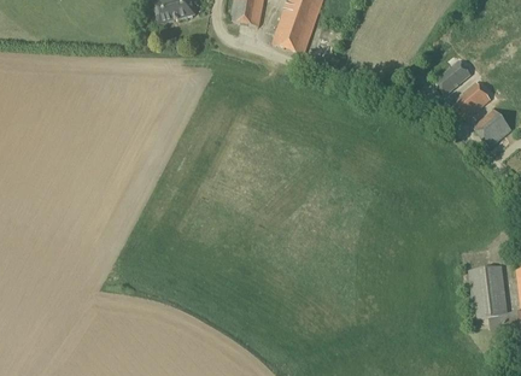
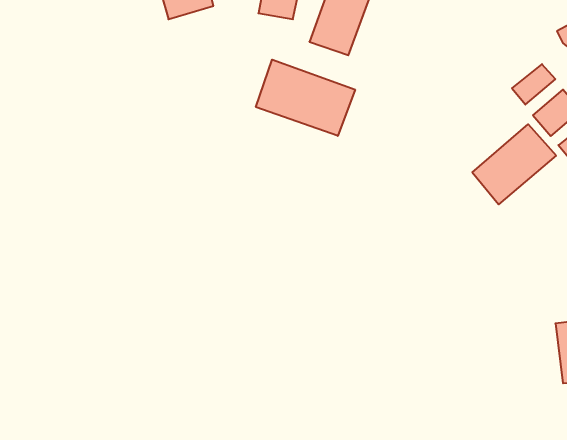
building: none -> [256,60,355,136]
building: none -> [472,124,556,204]

